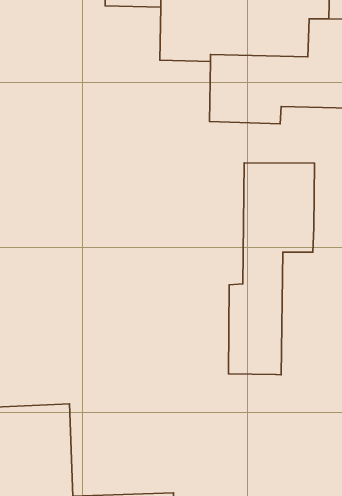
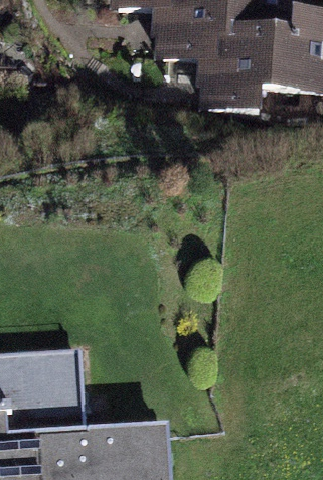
building: [228,163,315,375] -> none

